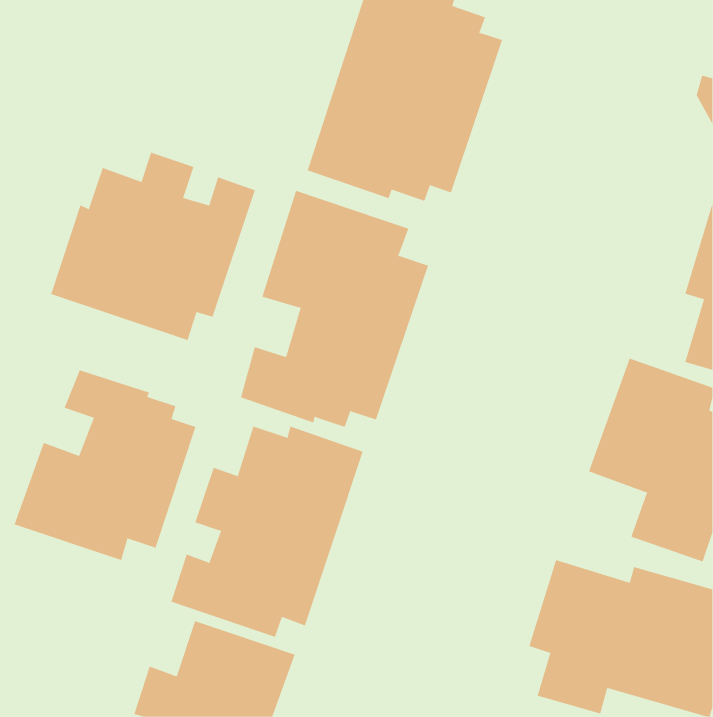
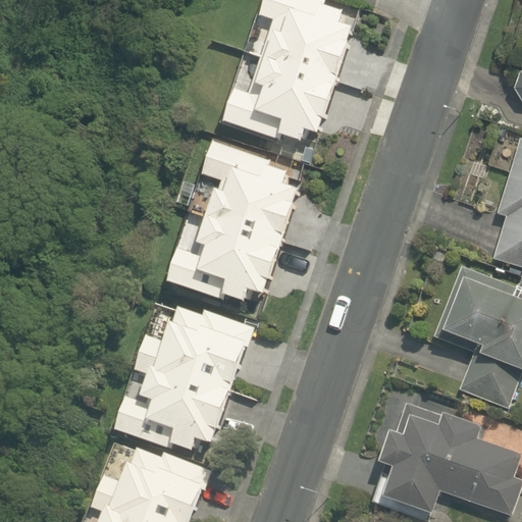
building: [51,152,255,341] -> none
building: [14,369,196,561] -> none

